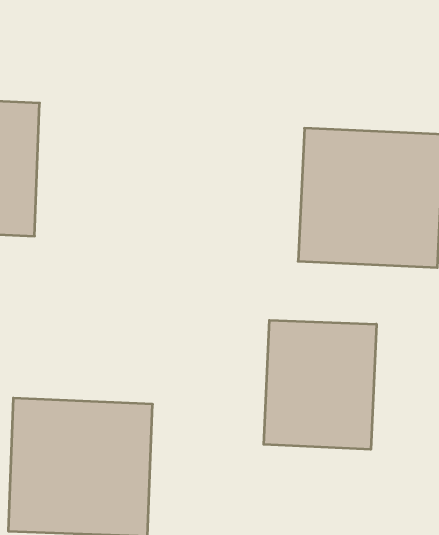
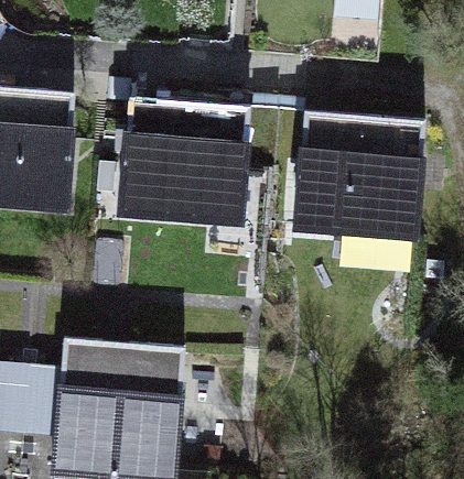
building: none -> [123,104,250,226]
building: [264,320,376,449] -> none

